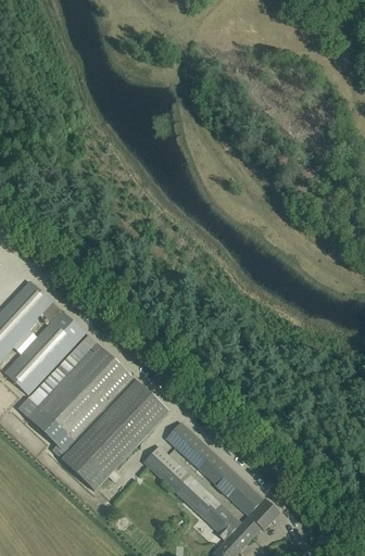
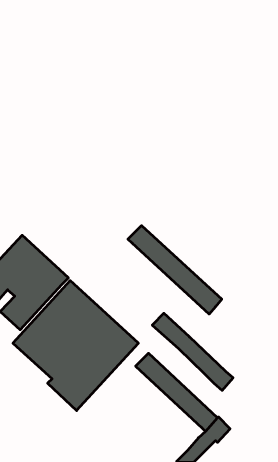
building: none -> [128,226,222,314]
building: [143,446,240,539] -> [152,313,233,390]

